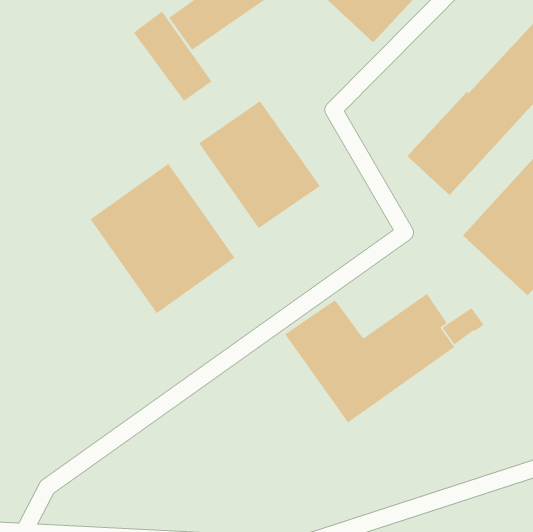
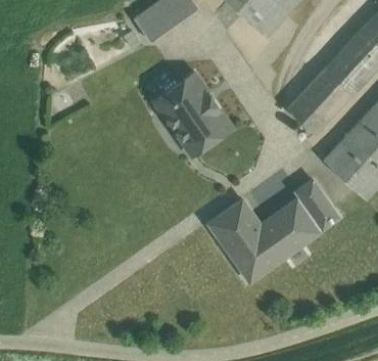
building: [133,10,213,102] -> none
building: [90,163,236,314] -> none
building: none -> [296,180,329,216]

